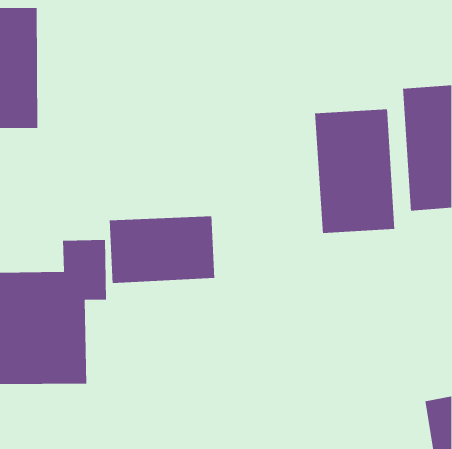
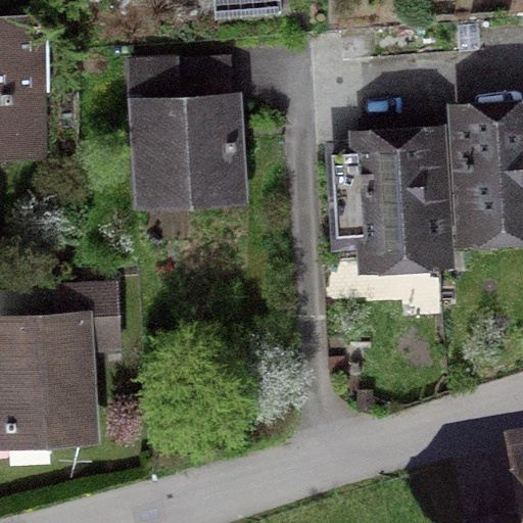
building: none -> [129,94,238,205]
building: [109,215,215,284] -> none

